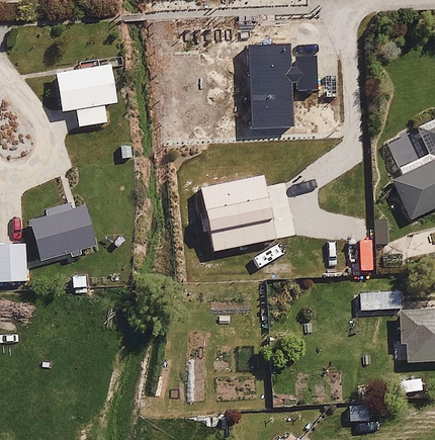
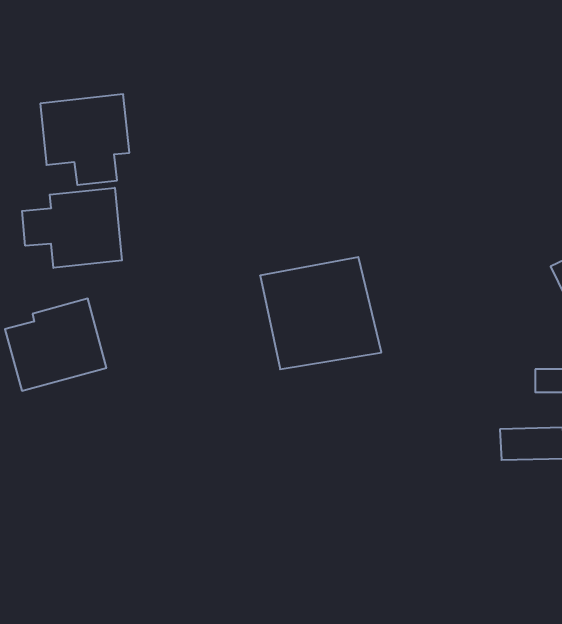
building: [247,40,317,124] -> none
building: none -> [22,188,122,268]

